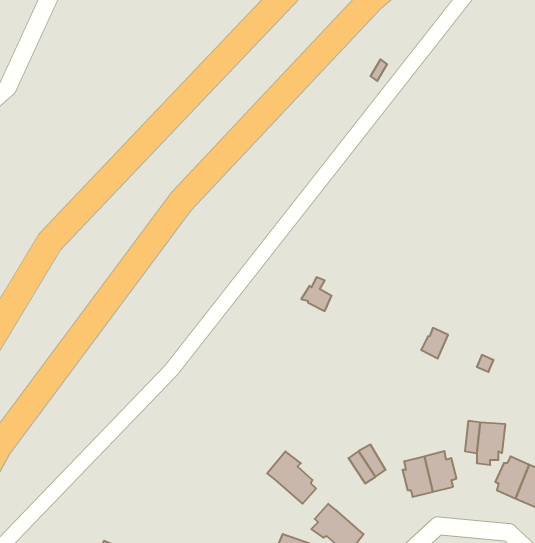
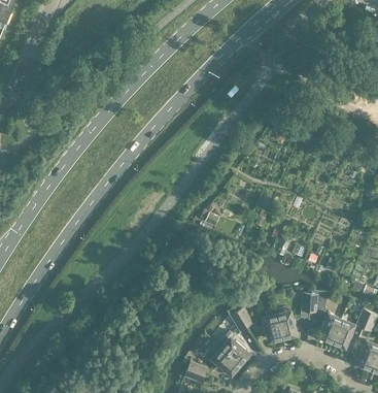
building: [267,451,316,504] -> [216,331,246,363]

